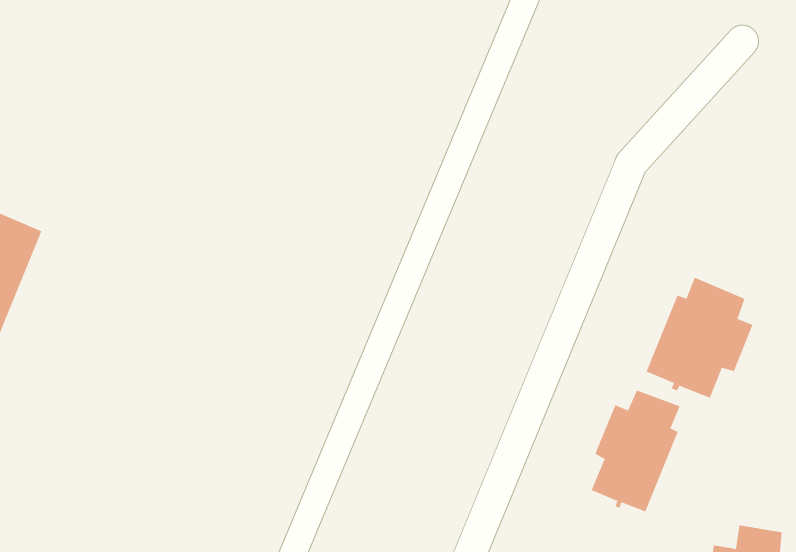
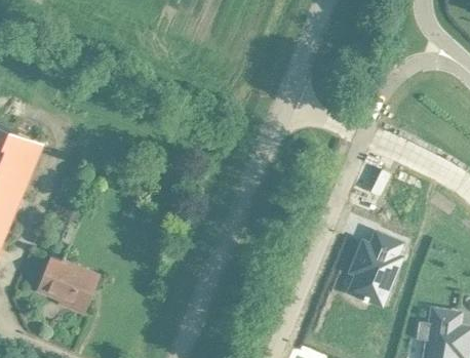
building: [646,277,753,398] -> none
building: none -> [35,253,96,312]

